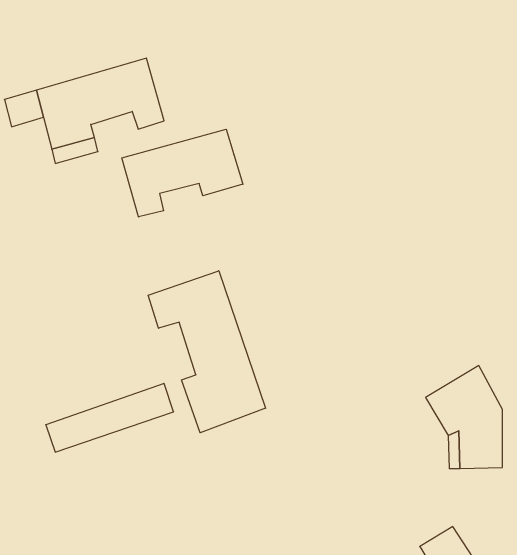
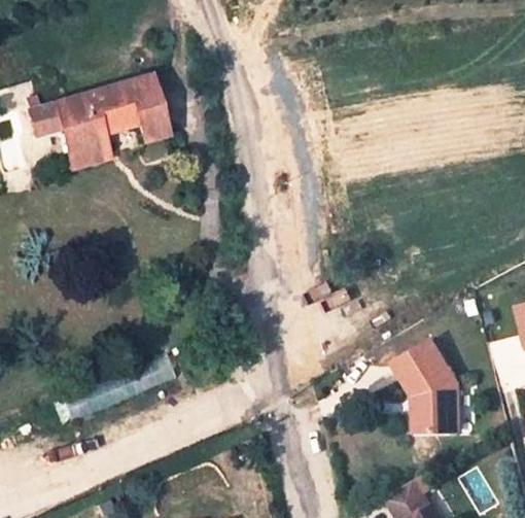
building: [122,129,243,217] -> none
building: [148,271,266,433] -> none

